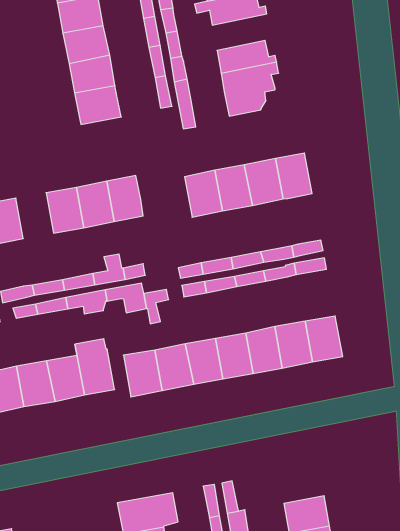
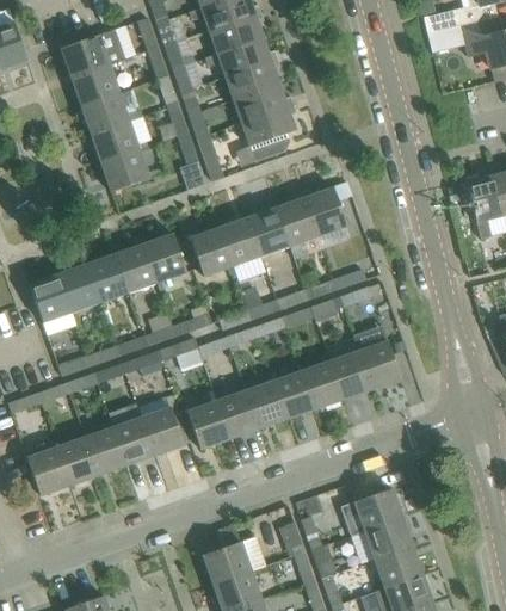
building: none -> [226,57,280,100]
building: none -> [190,228,234,277]
building: none -> [60,264,101,311]
building: none -> [354,488,403,531]

